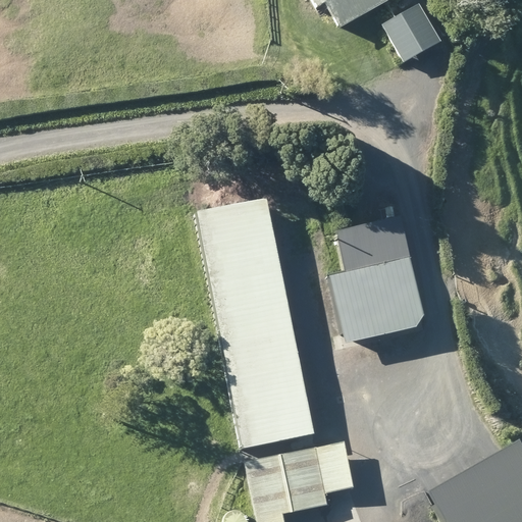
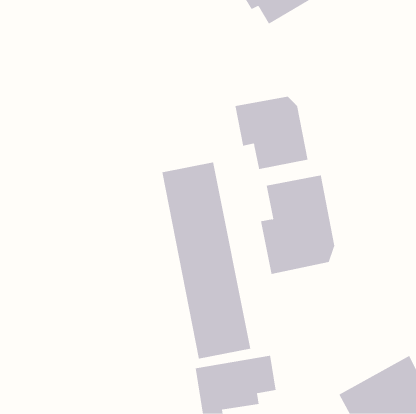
building: [378,7,435,64] -> none
building: none -> [235,96,308,170]

